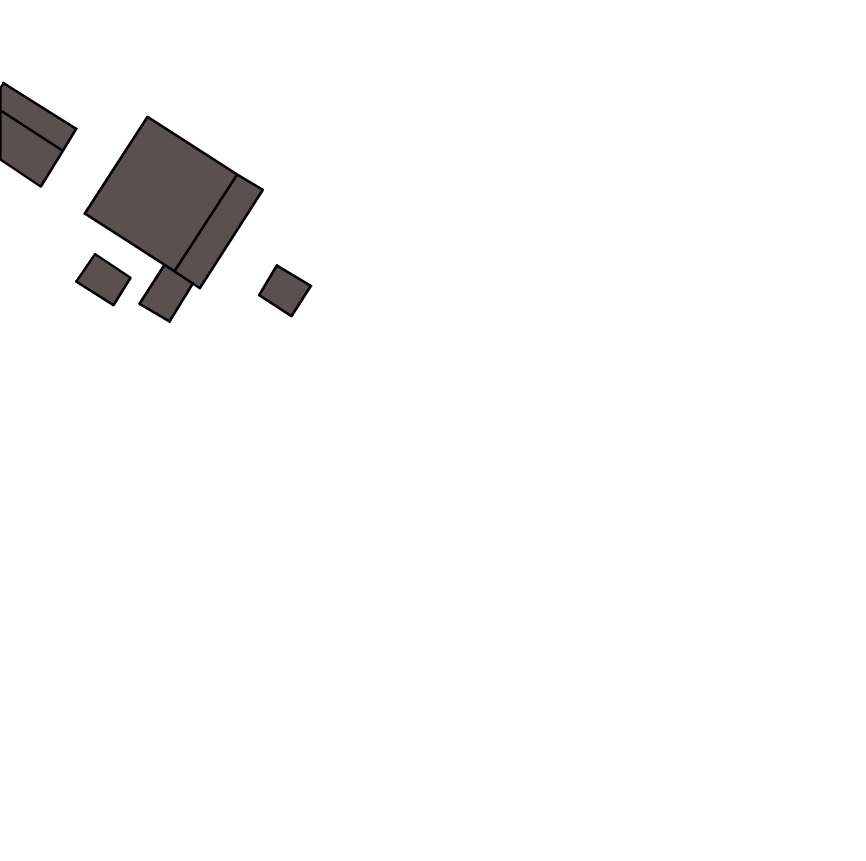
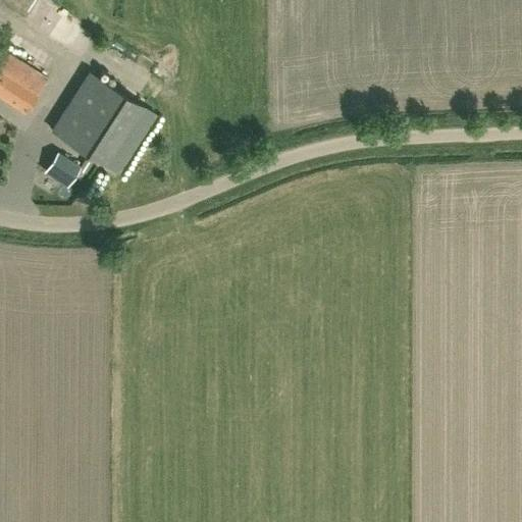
building: [140,265,193,322] -> none
building: [259,265,311,316] -> none

